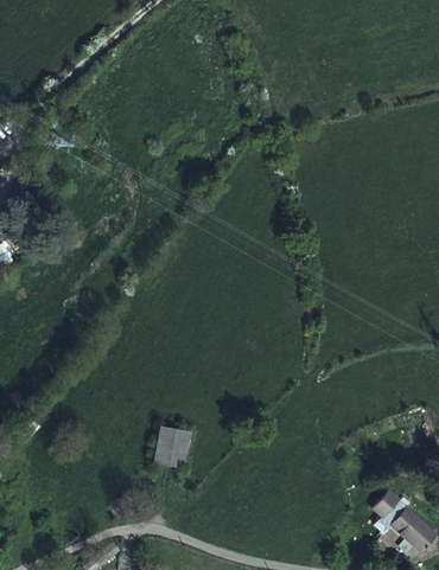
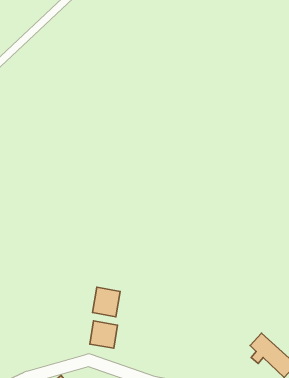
building: none -> [90,321,118,348]

